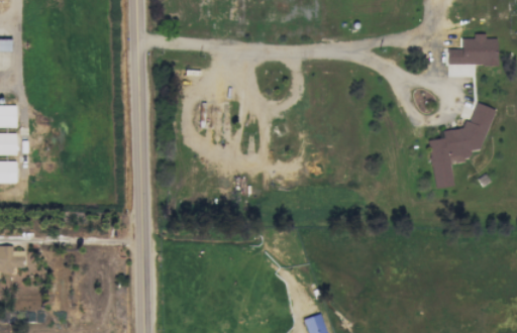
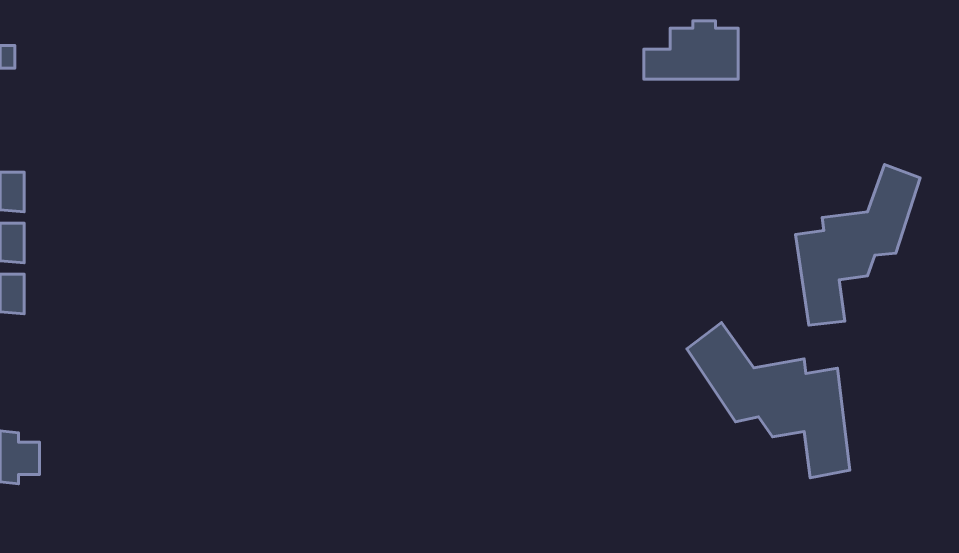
building: [447,34,498,66] -> [644,21,738,79]
building: none -> [687,323,850,478]

